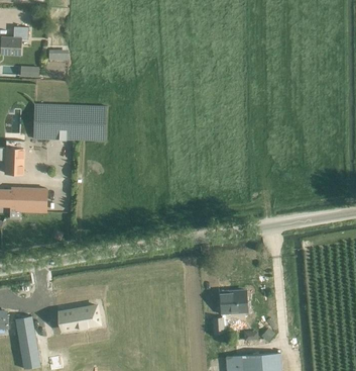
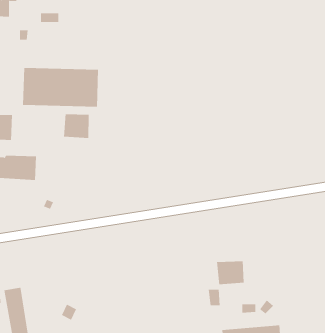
building: none -> [64,114,89,139]
building: [58,305,100,330] -> none

